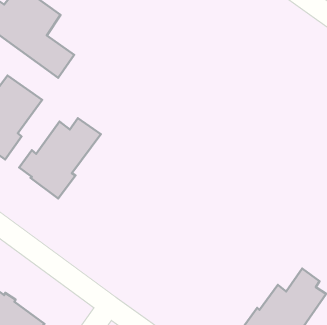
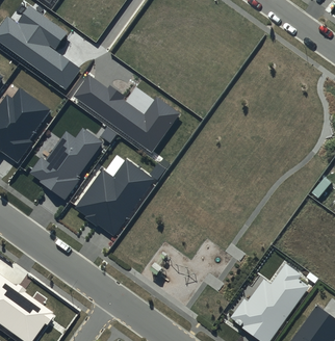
building: none -> [74,75,180,152]
building: none -> [75,157,156,235]

